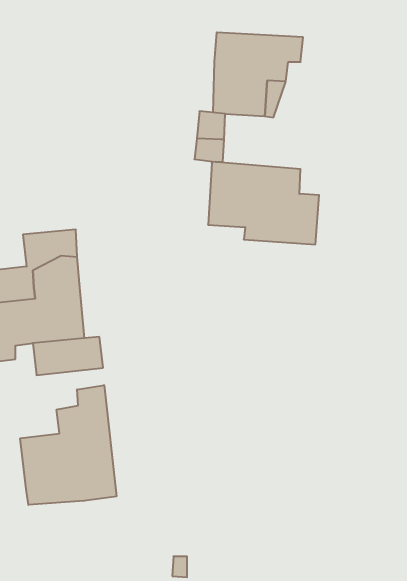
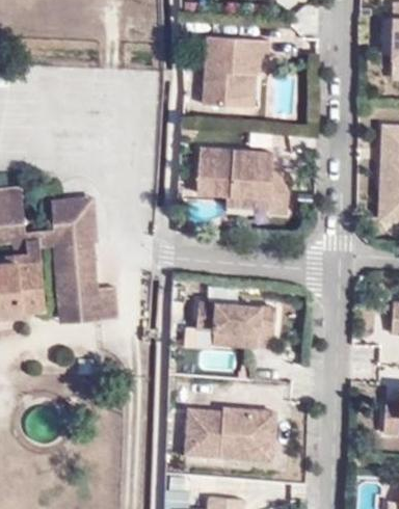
building: none -> [191,298,273,351]
building: [20,385,116,505] -> none
building: none -> [181,405,272,463]

